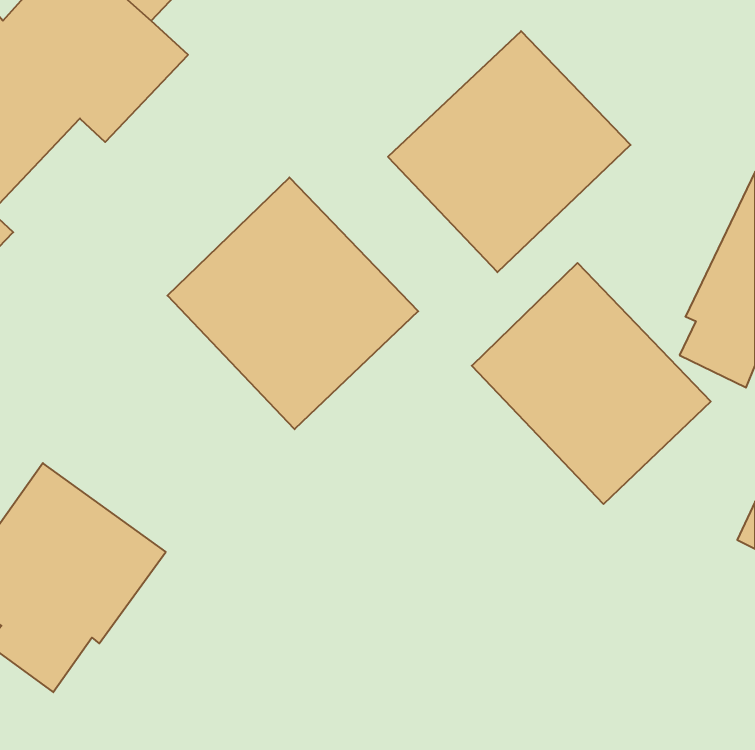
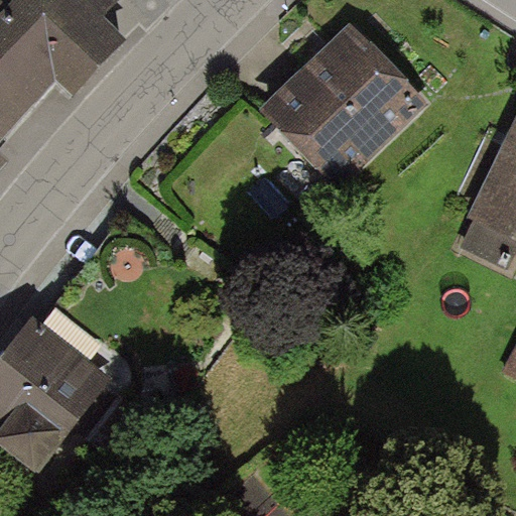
building: [167,177,418,429] -> none
building: [472,263,711,504] -> none

